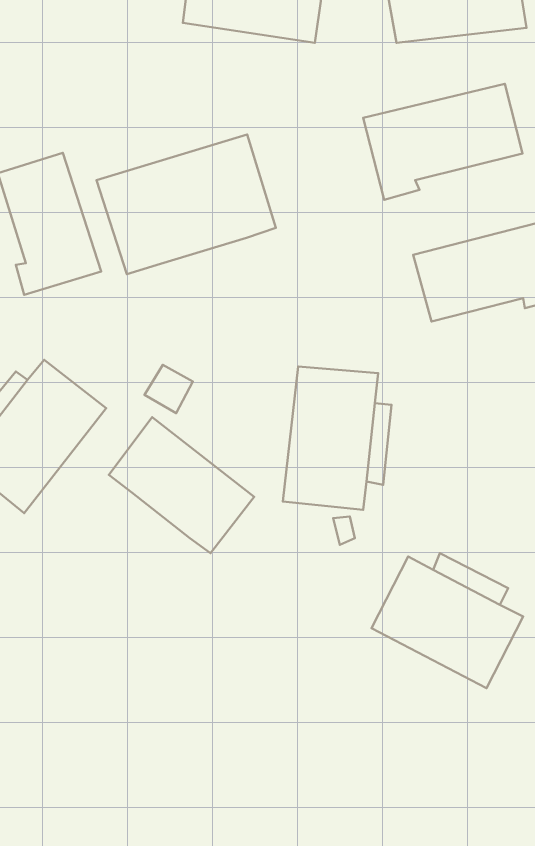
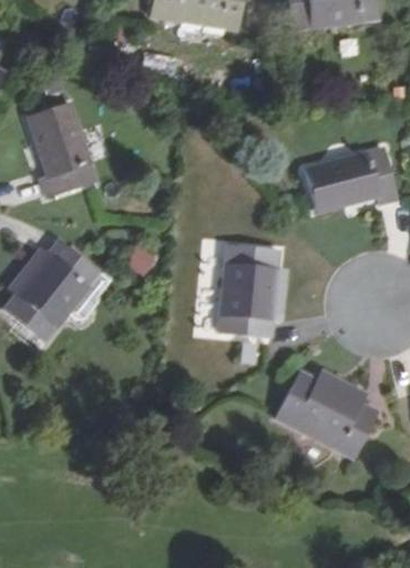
building: [363,84,522,200] -> none
building: [96,135,276,274] -> none
building: [109,417,254,553] -> none

